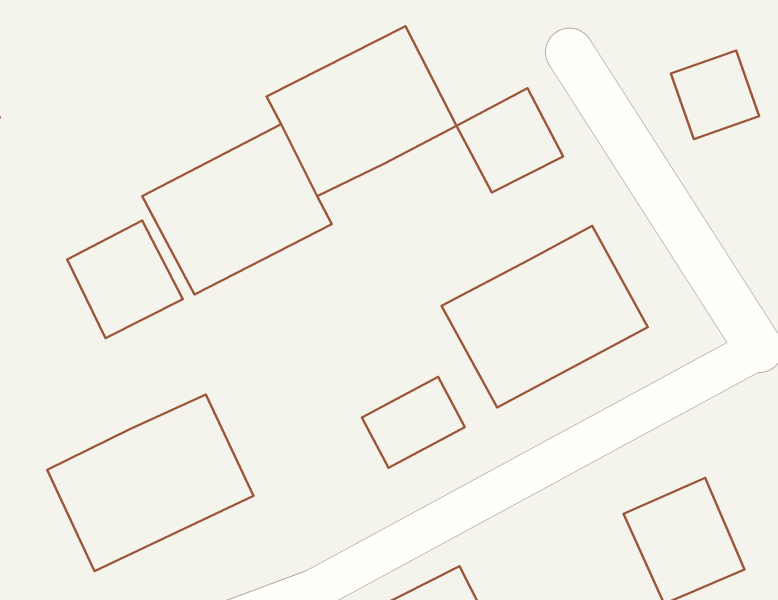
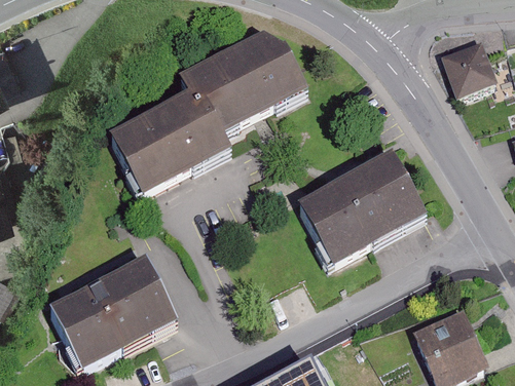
building: [456,88,563,192] -> none
building: [67,221,183,338] -> none
building: [362,377,465,468] -> none

